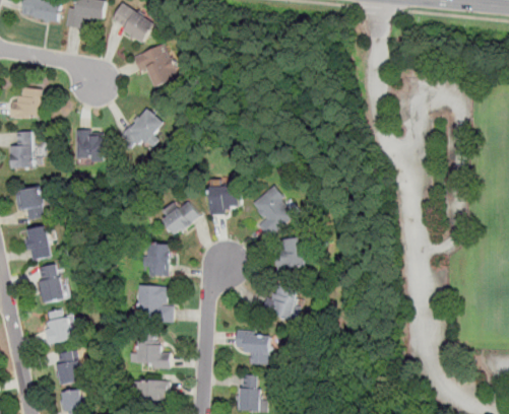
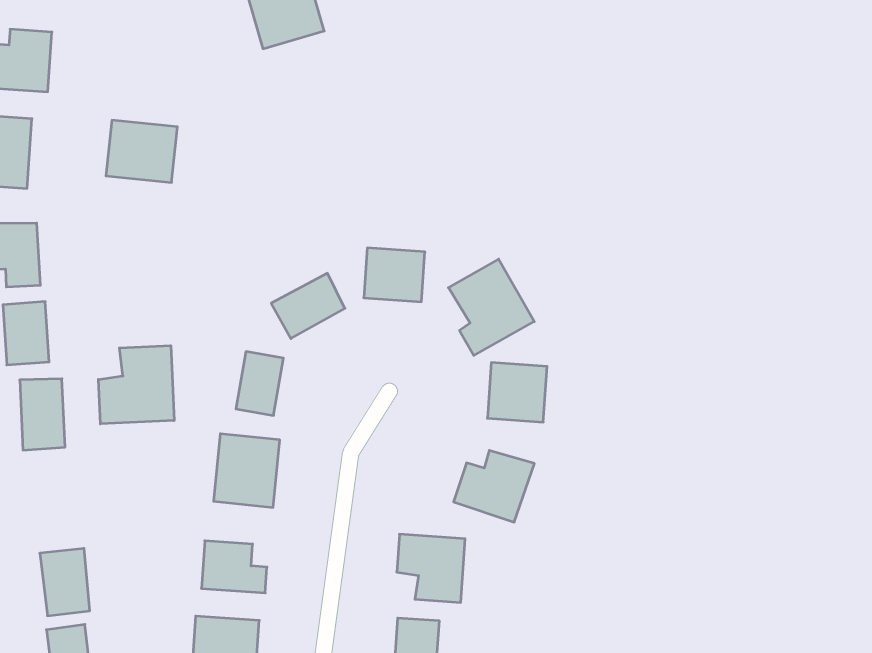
building: [122,108,163,150] -> none
building: none -> [98,346,174,424]
building: [41,307,73,343] -> none

